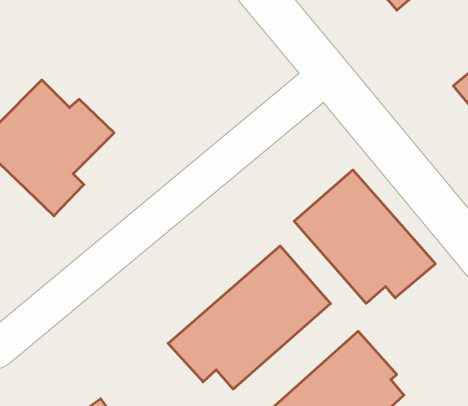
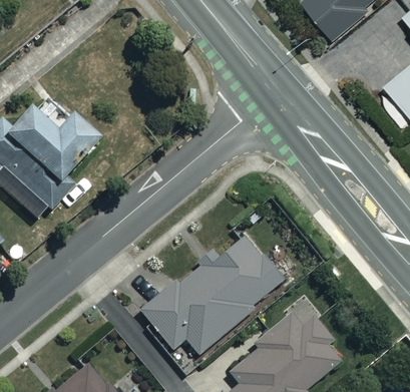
building: [294,170,435,303] -> none

